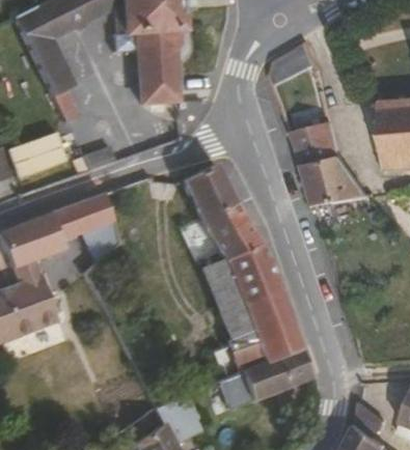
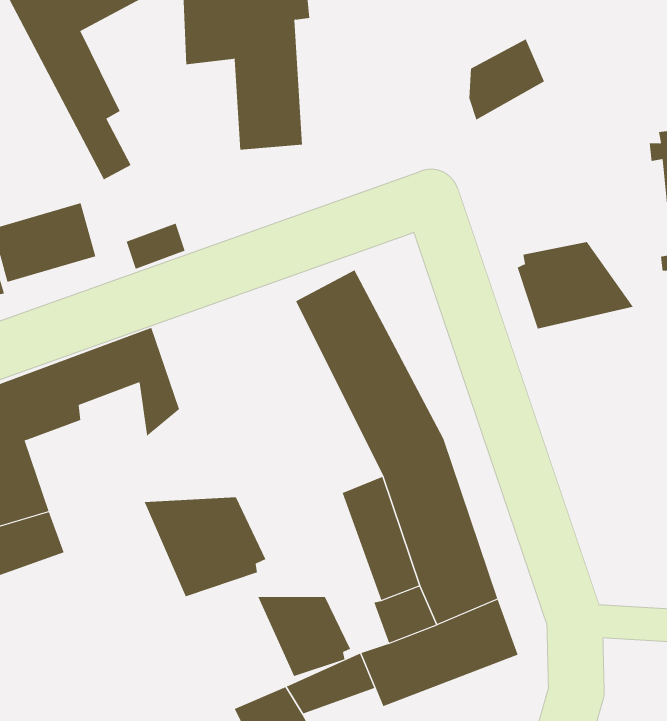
building: [293,112,340,161] -> none
building: none -> [144,496,266,597]
building: none -> [258,596,351,677]

